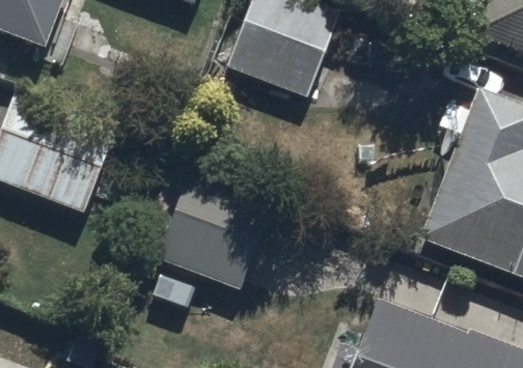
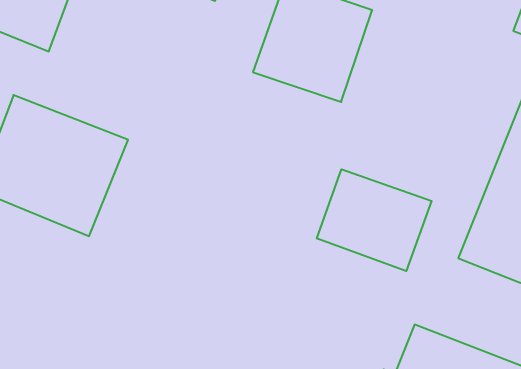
building: none -> [317,169,432,271]
building: [149,164,276,291] -> none

